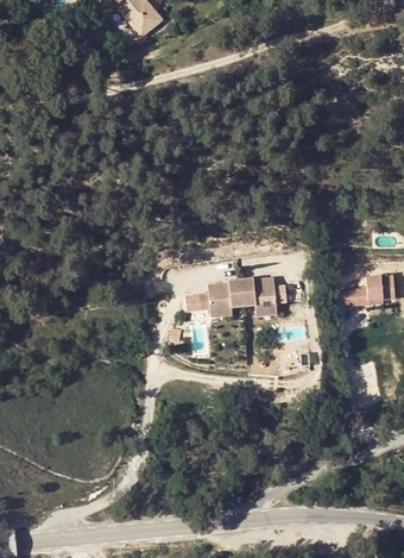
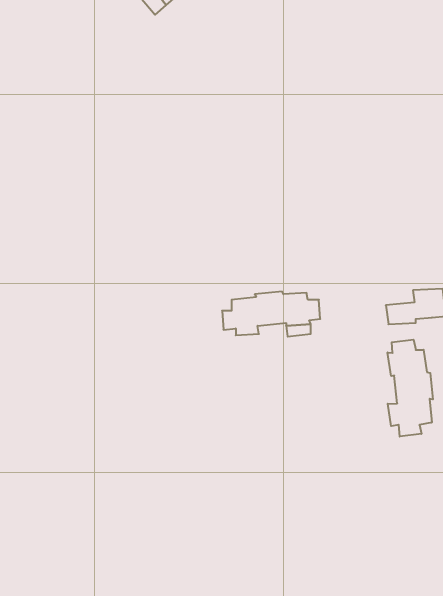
building: none -> [388,340,433,437]

